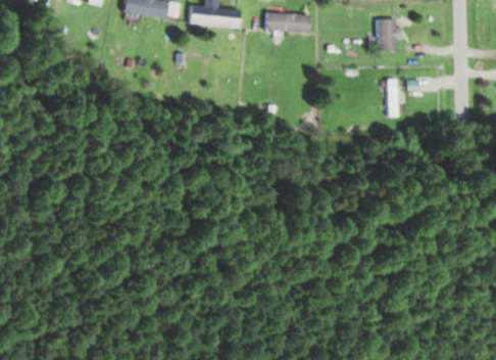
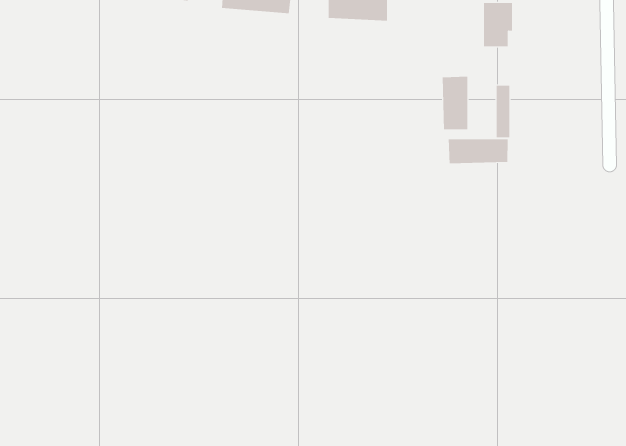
building: none -> [442,76,468,130]
building: none -> [448,139,508,164]

